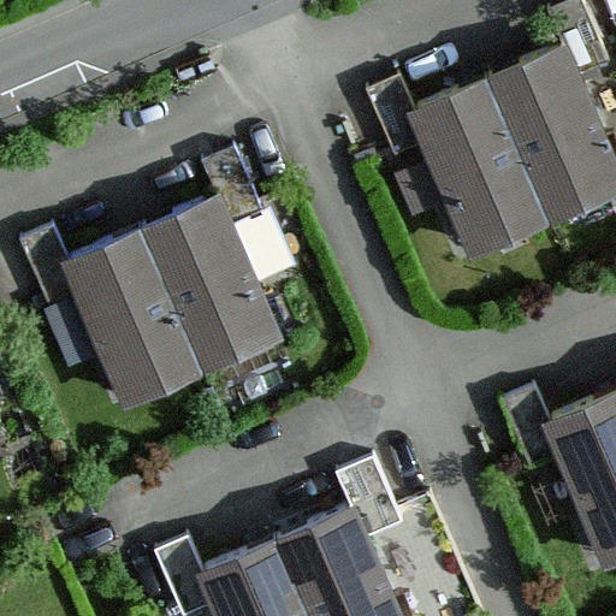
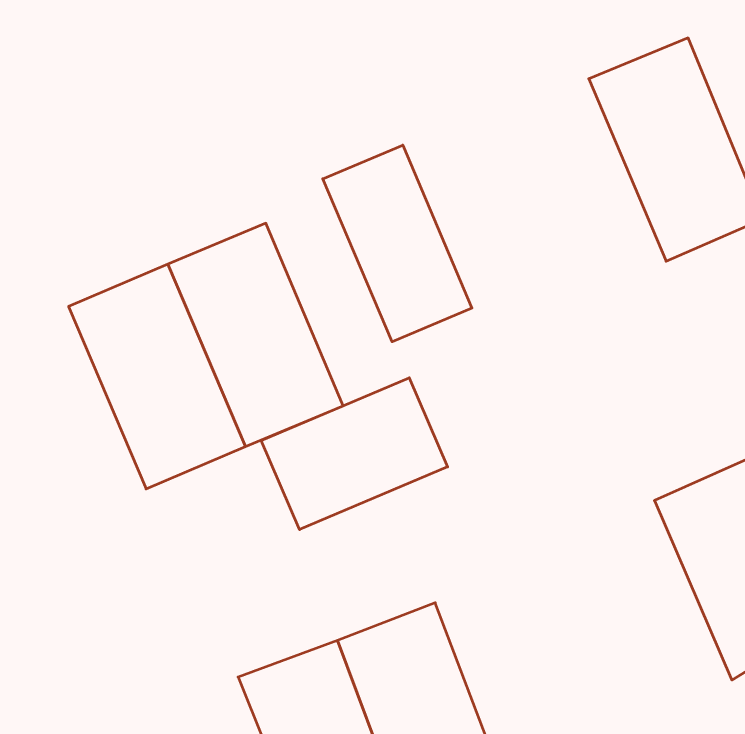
building: [396,75,550,261] -> none
building: none -> [323,145,472,342]
building: none -> [261,378,448,530]

